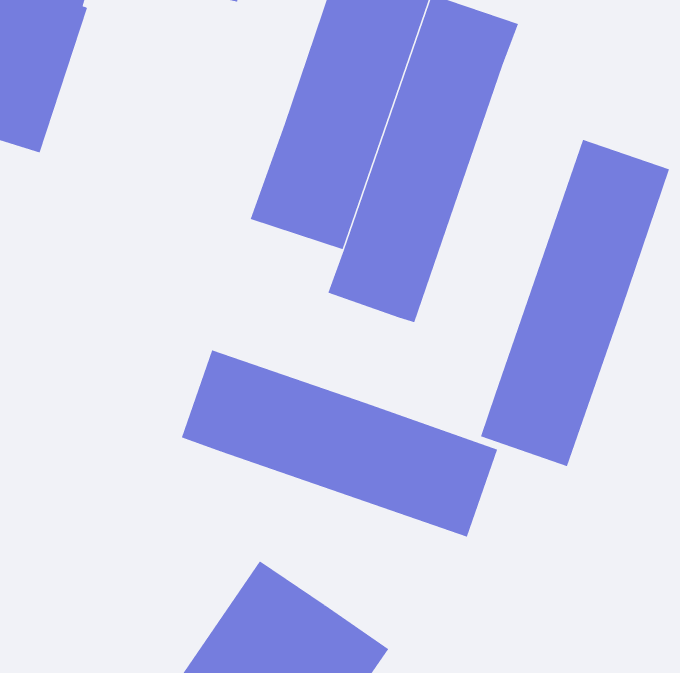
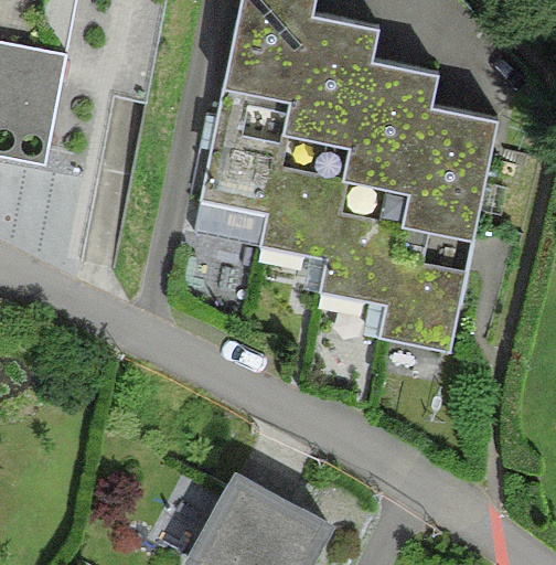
building: none -> [319,70,437,307]
building: [181,349,498,538] -> none

